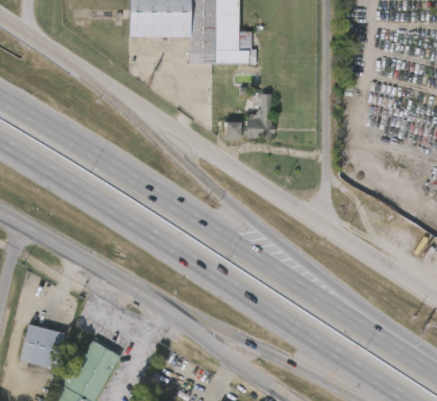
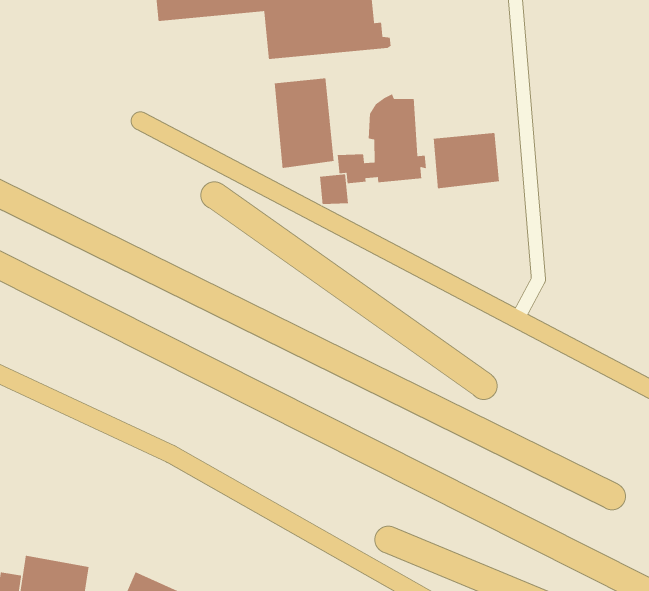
building: none -> [274,78,334,169]
building: none -> [433,132,500,189]

